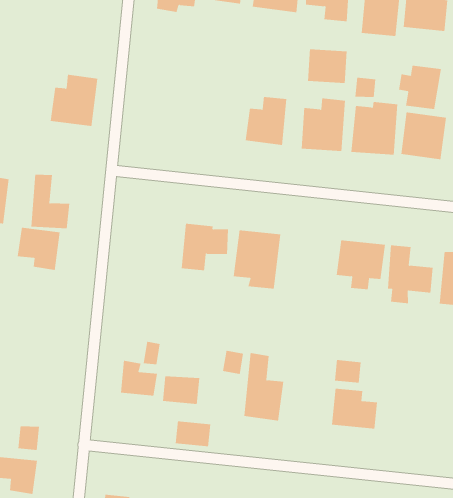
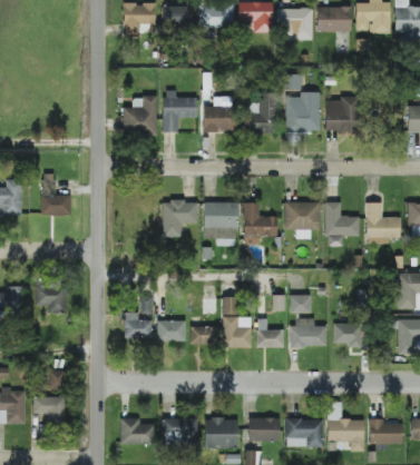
building: [307,48,347,84] -> none
building: [398,65,442,110] -> none
building: [50,74,98,127] -> [121,96,156,135]
building: none -> [163,89,196,131]
building: [17,227,61,270] -> [33,281,66,313]
building: none -> [243,201,277,244]
building: none -> [256,318,283,347]
building: none -> [332,323,361,345]
building: [175,421,211,447] -> [189,326,216,344]

